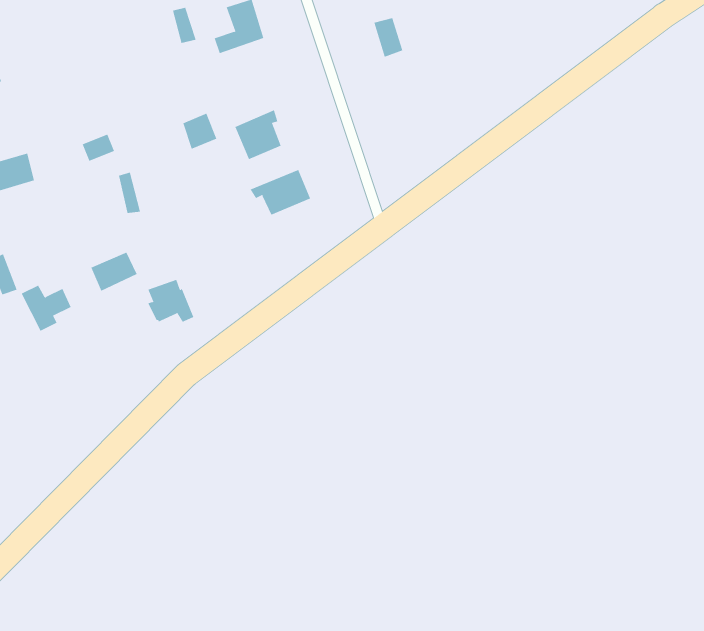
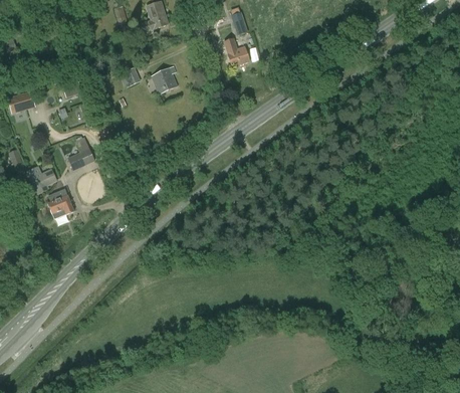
building: none -> [224,38,250,67]
building: [250,169,311,215] -> none
building: [147,279,194,322] -> [47,189,74,214]

